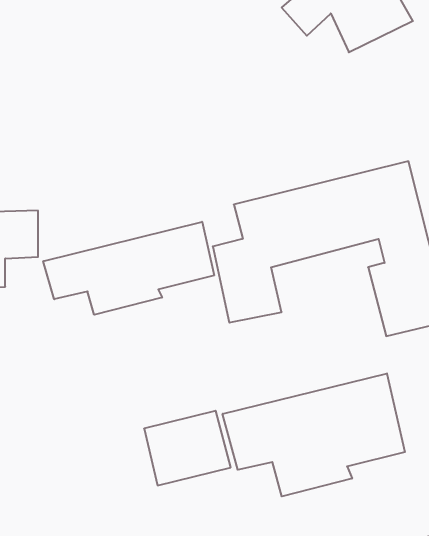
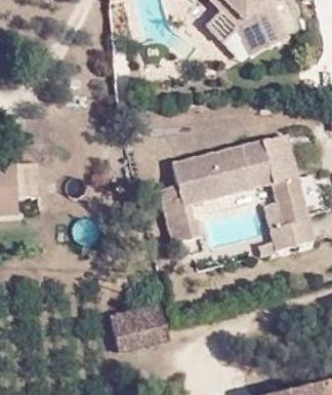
building: [43,222,214,315] -> none
building: [223,373,405,496] -> none

